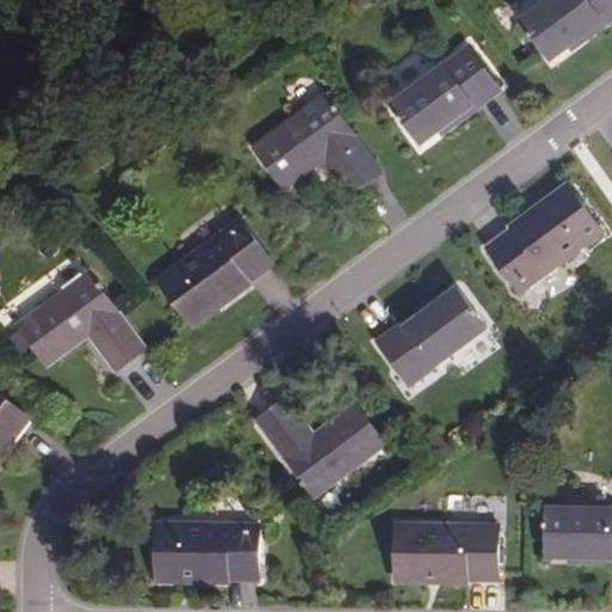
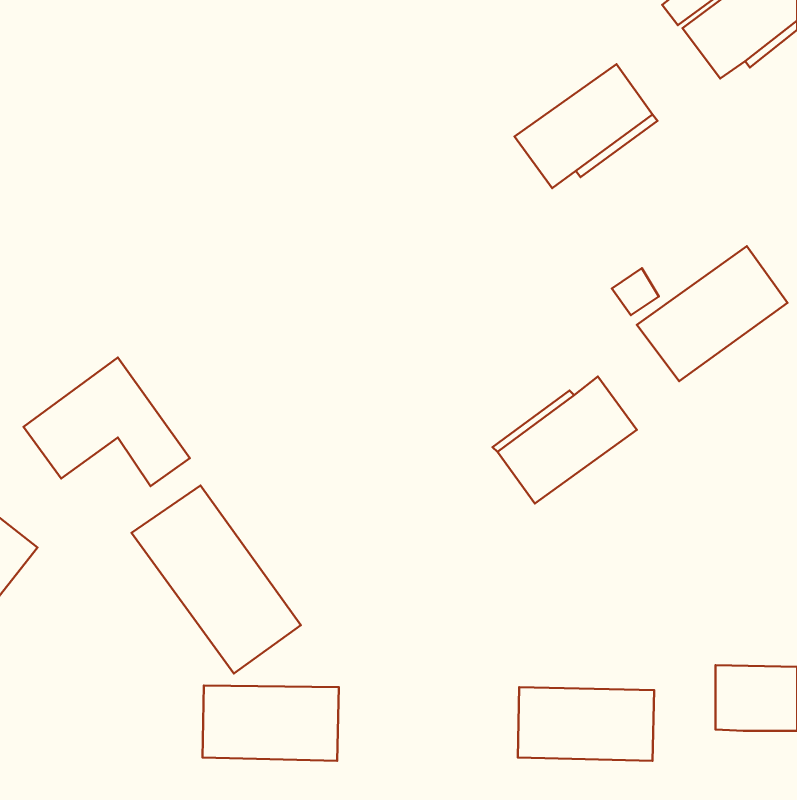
building: [251,92,381,194] -> none
building: [158,219,273,323] -> none
building: none -> [132,485,301,673]
building: [257,398,384,496] -> none

